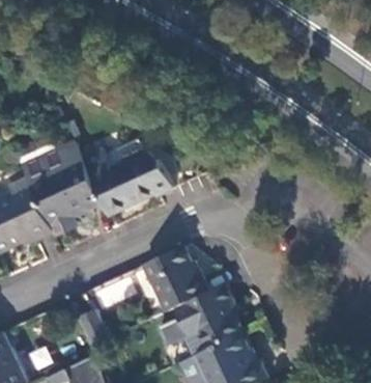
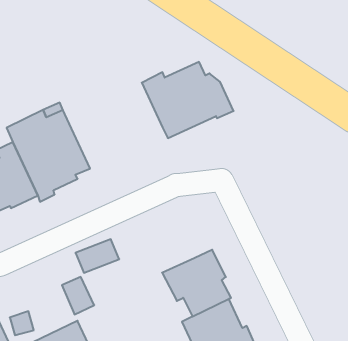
building: [82,140,173,216] -> [142,62,234,138]
building: [142,248,206,314] -> none

